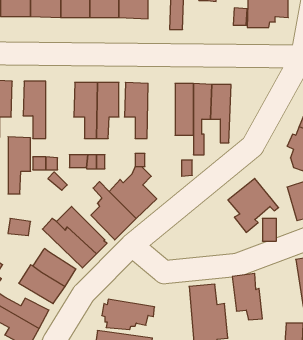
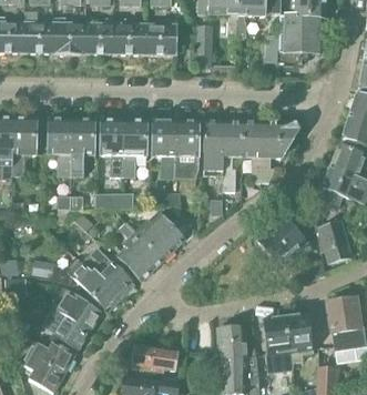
building: none -> [174,121,198,178]
building: none -> [258,122,296,183]
building: [8,137,31,194] -> [70,119,93,178]
building: none -> [285,313,313,363]

